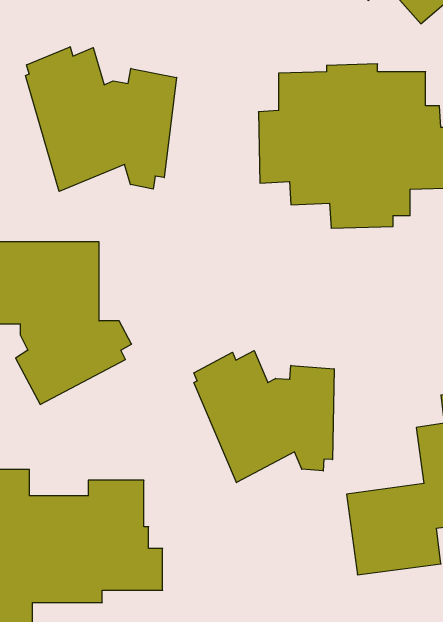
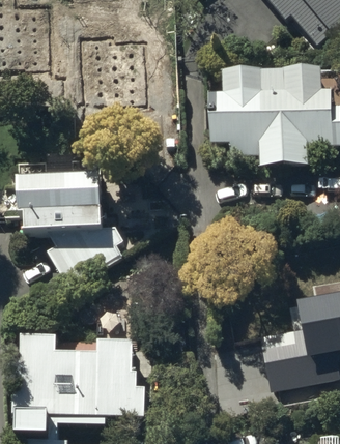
building: [25,47,177,191] -> none
building: [194,351,334,483] -> none

